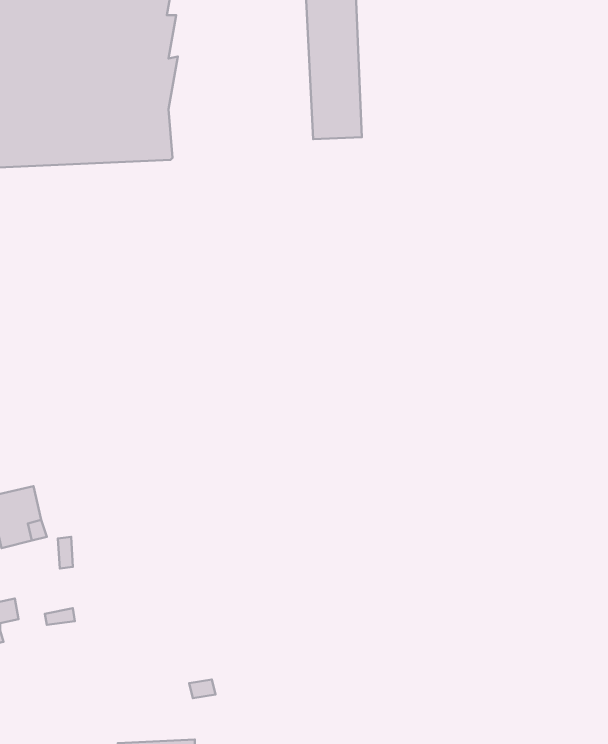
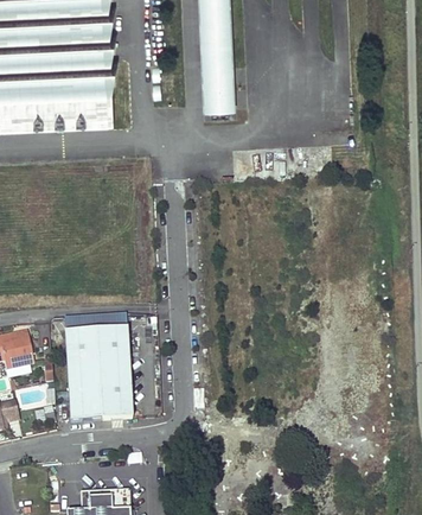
building: none -> [64,326,132,420]

